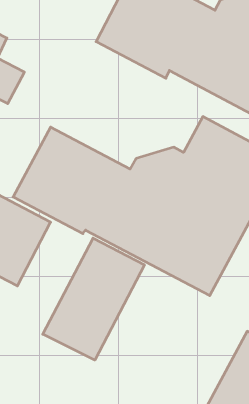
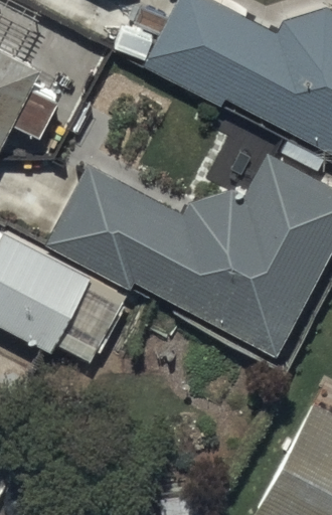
building: [43,238,144,360] -> none

